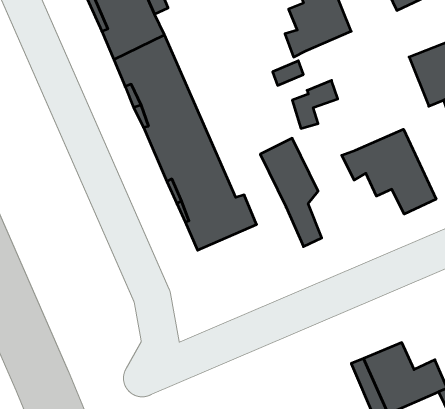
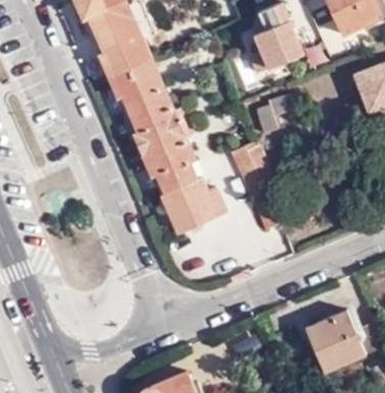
building: [342,129,436,214] -> none

